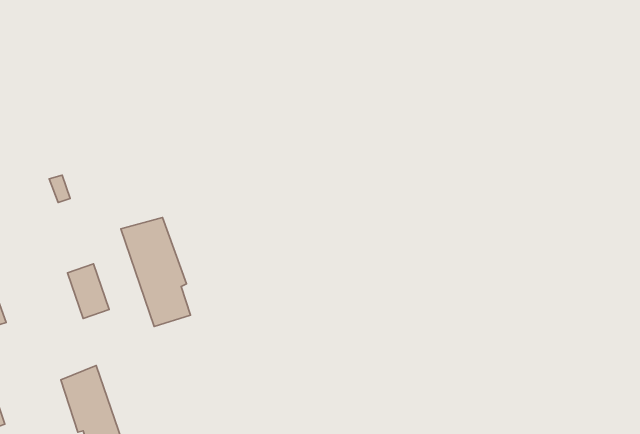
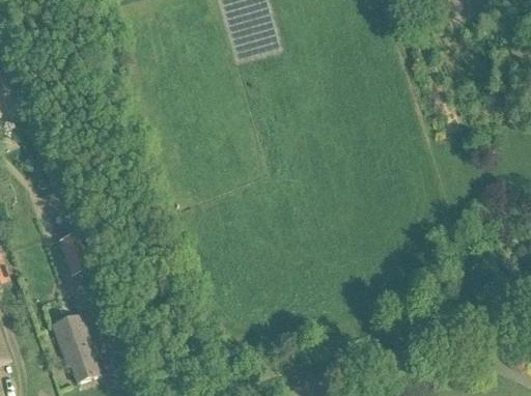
building: [121,217,191,326] -> none

